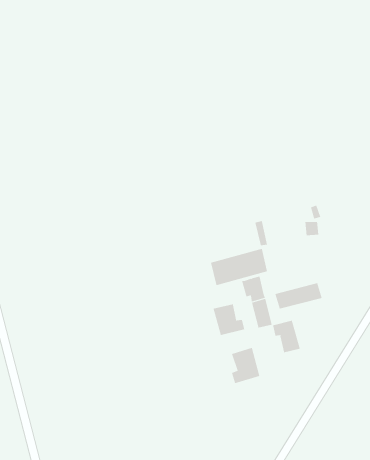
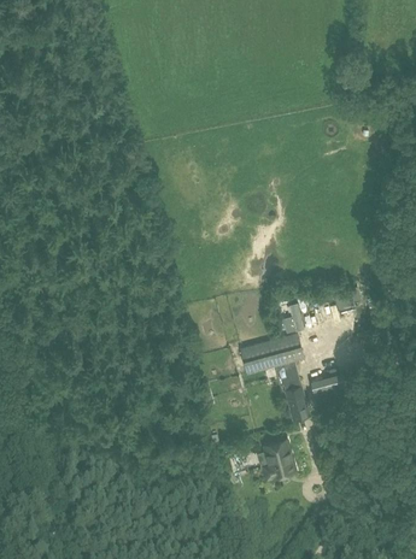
building: [213,303,245,336] -> none
building: [272,320,301,353] -> none

